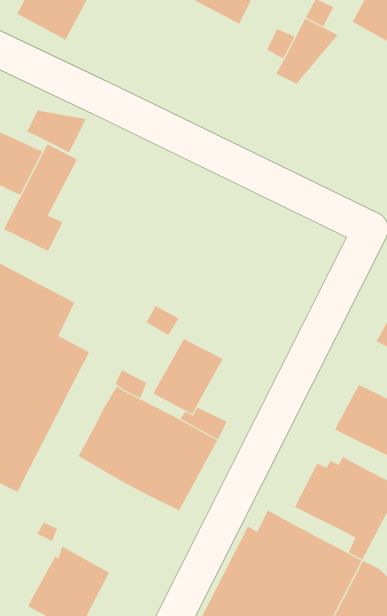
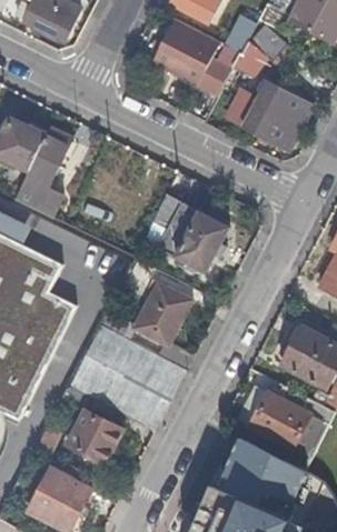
building: none -> [150,20,230,99]
building: none -> [228,81,310,151]
building: [26,110,87,153] -> none
building: none -> [153,194,229,273]
building: none -> [65,384,125,464]

